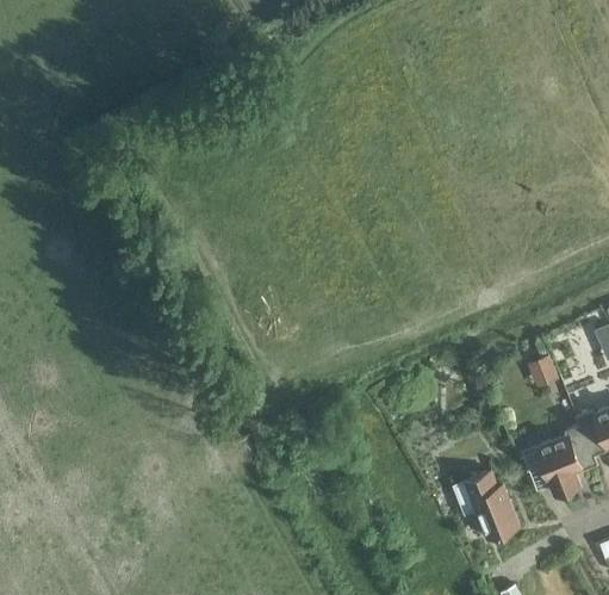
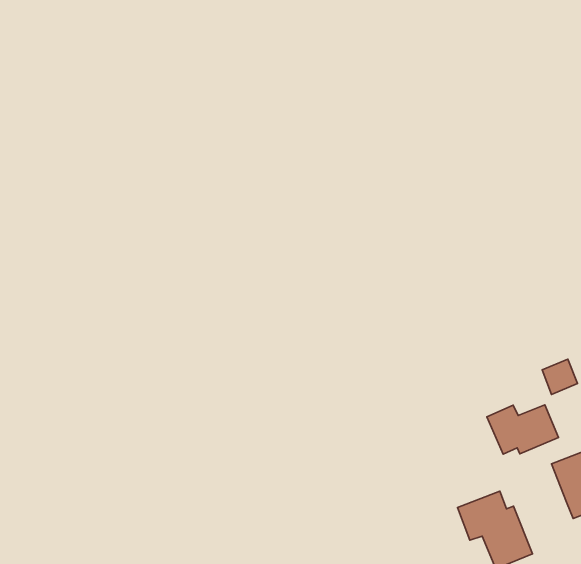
building: none -> [487,405,559,454]

